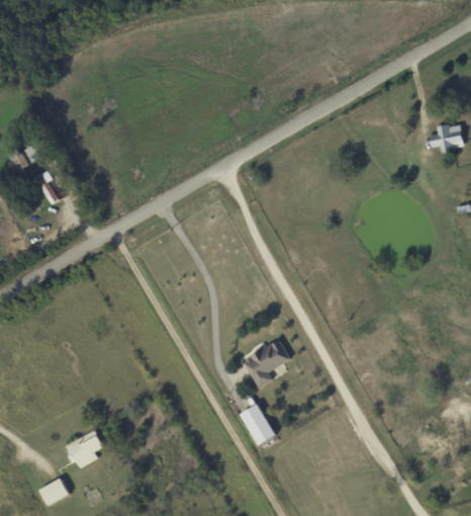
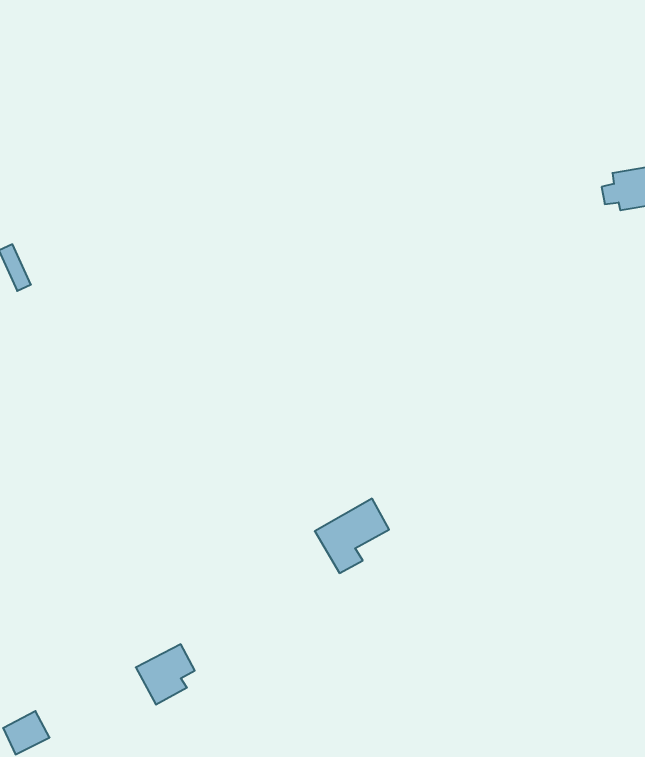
building: [239,403,275,445] -> none
building: [65,430,103,469] -> [136,644,195,705]

